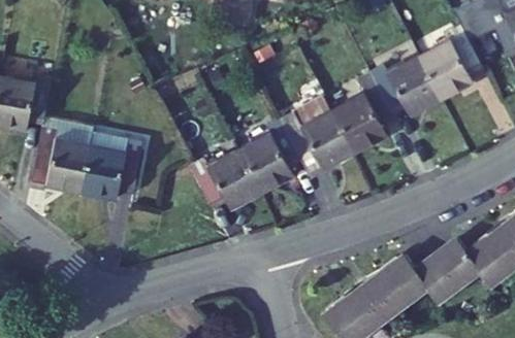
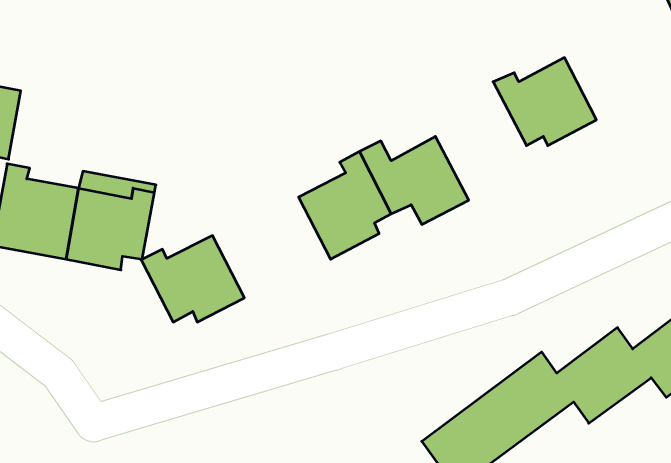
building: [419,26,483,98] -> none
building: [331,72,393,153] -> none
building: [190,150,260,209] -> [141,236,244,322]

